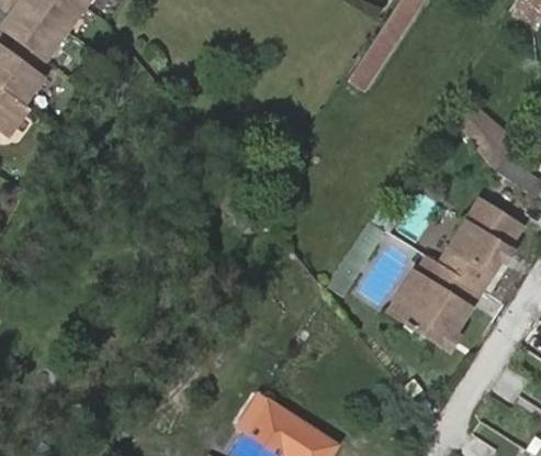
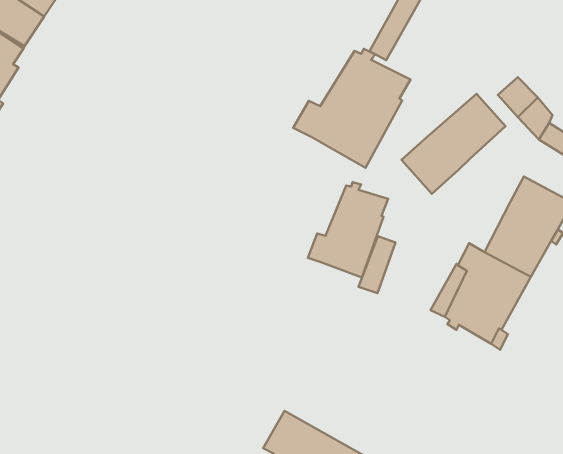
building: none -> [293,49,411,168]
building: none -> [401,94,506,194]
building: none -> [308,182,388,278]

